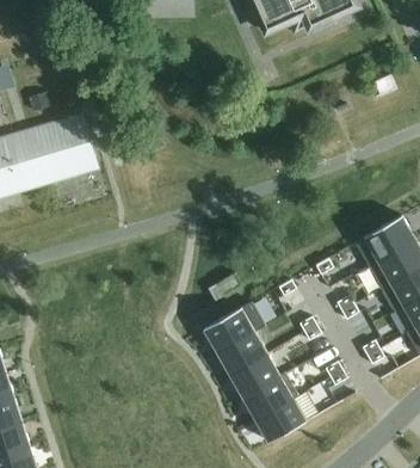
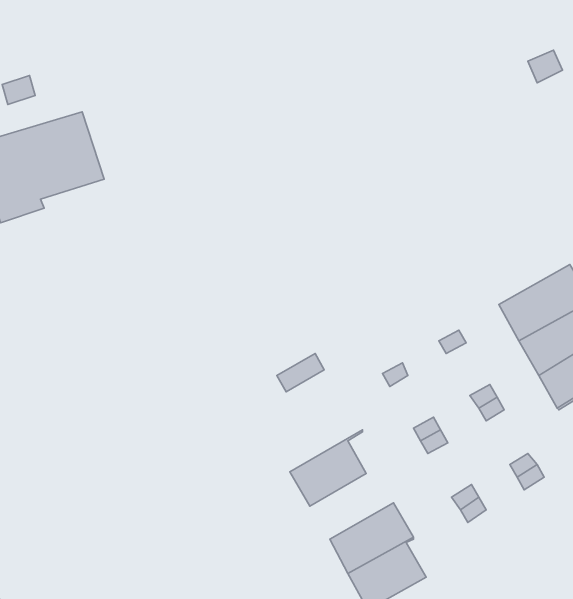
building: [205,302,266,352] -> none
building: [231,353,286,396] -> none

